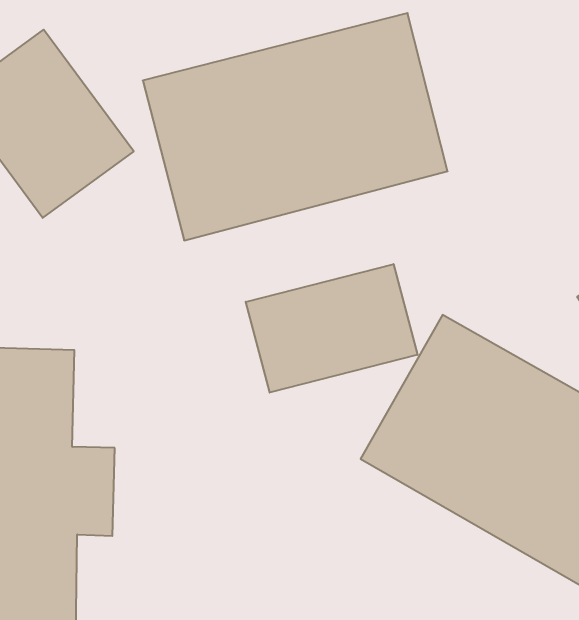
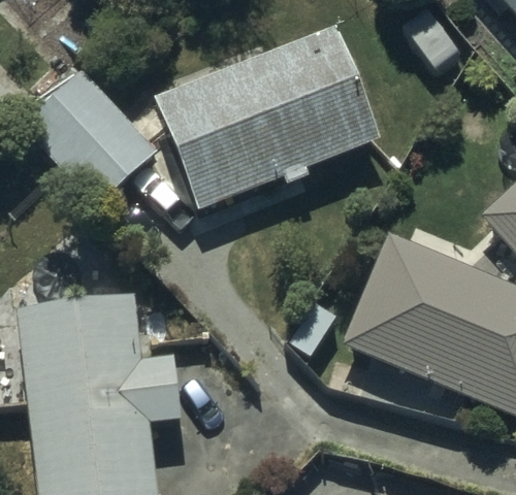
building: [246,264,417,393] -> none

